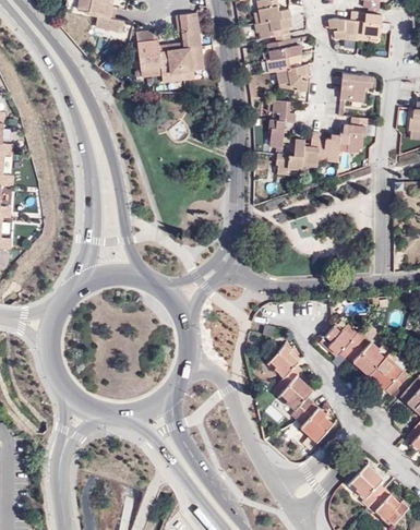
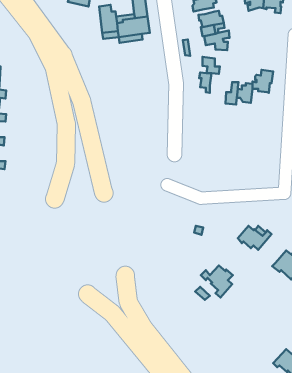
building: [339,75,371,101] -> none
building: [277,140,304,171] -> none
building: [347,336,384,374] -> none
building: [268,344,301,390] -> none
building: [297,402,332,439] -> none
building: [349,466,384,507] -> none

